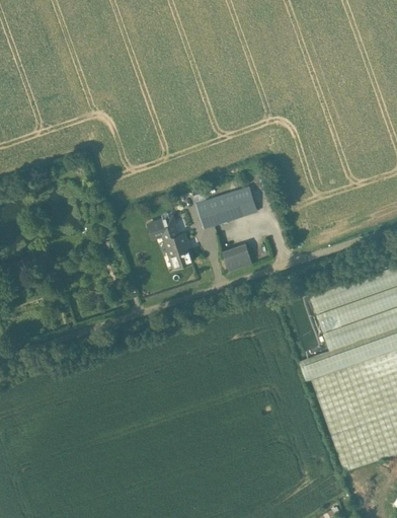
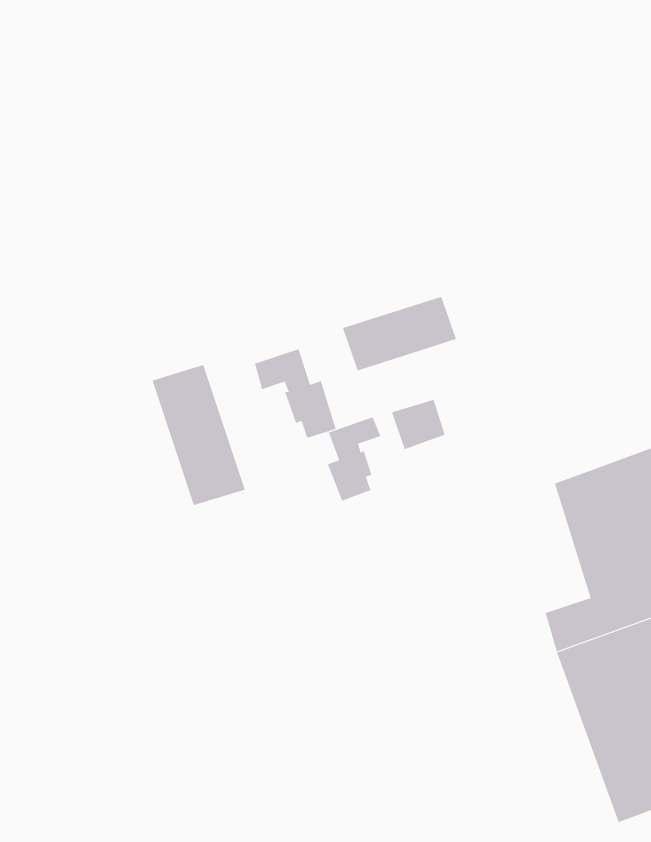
building: none -> [152,364,246,506]
building: none -> [327,416,381,501]

